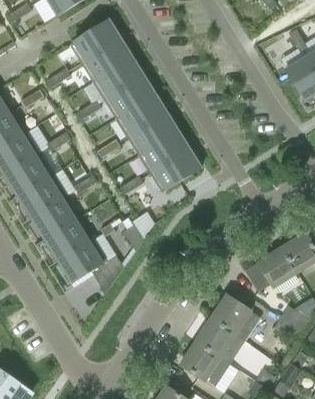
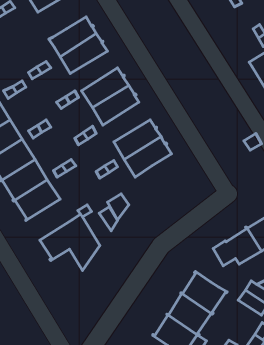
building: [91,57,142,100] -> none
building: [126,112,177,155] -> none
building: [44,217,93,261] -> none

